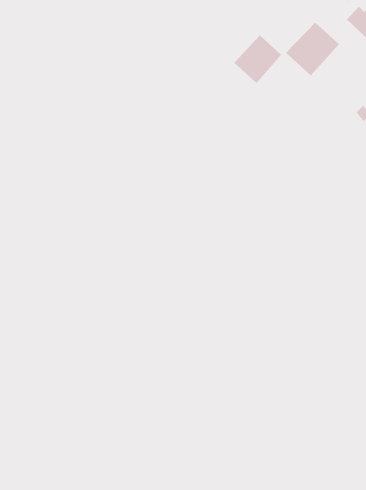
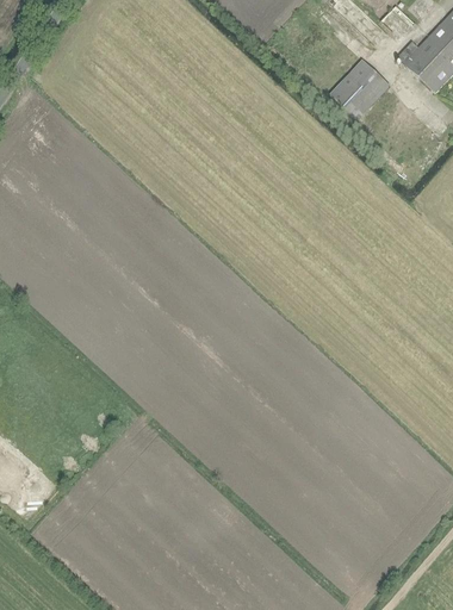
building: [233,34,282,84] -> none

